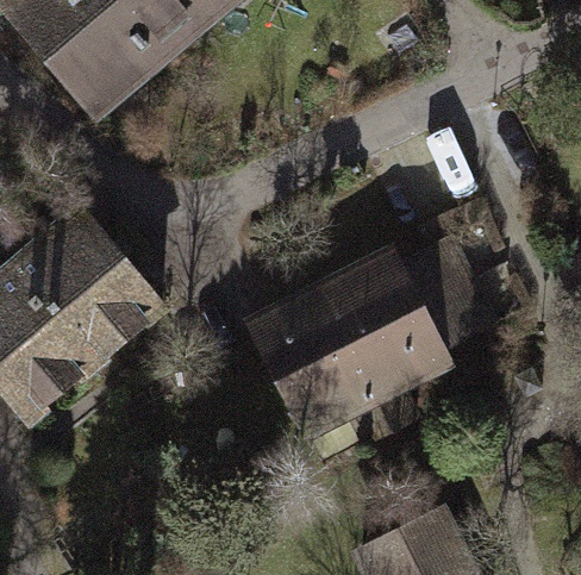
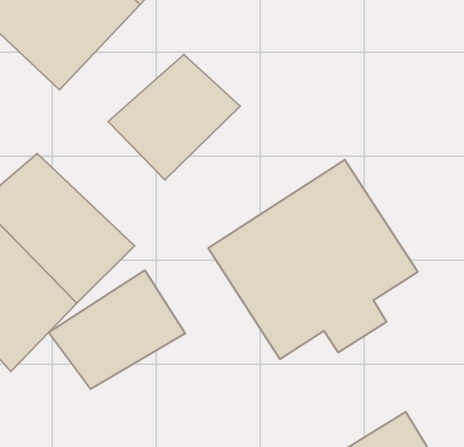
building: none -> [108,54,240,180]
building: none -> [49,270,185,389]

